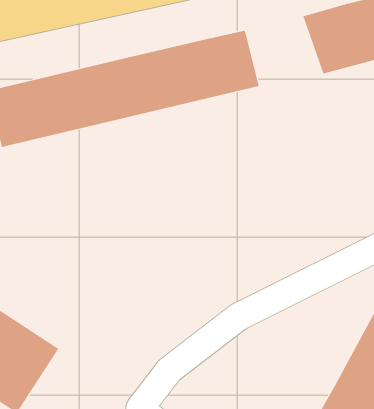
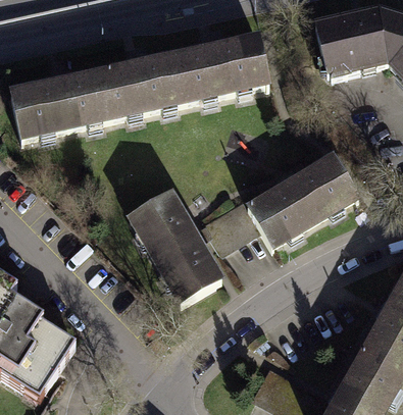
building: none -> [249,150,361,244]
building: none -> [134,200,219,302]

